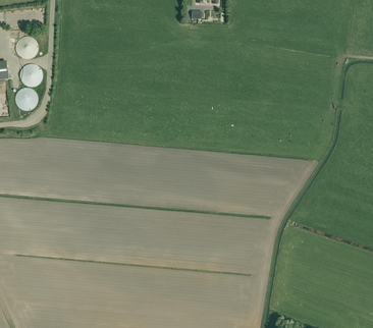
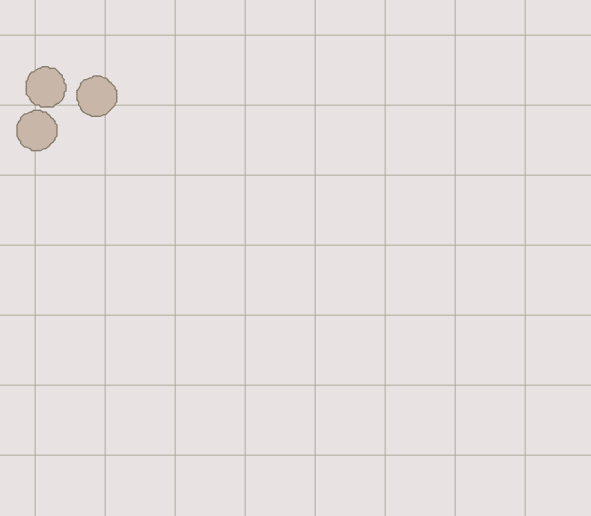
building: [16,36,39,58] -> [77,76,117,116]

